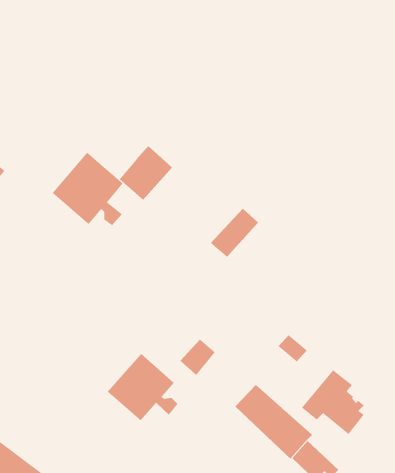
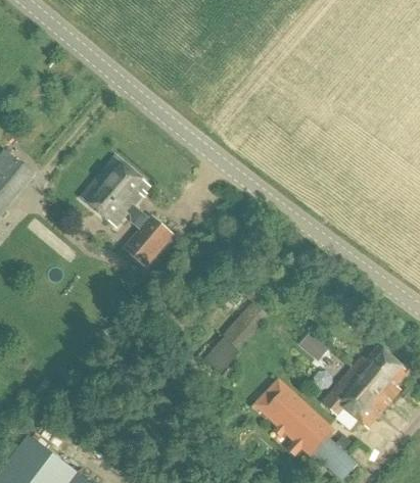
building: [119,145,173,200] -> [122,214,174,268]
building: [210,208,259,258] -> [221,301,268,349]
building: none -> [352,347,407,410]
building: [107,353,178,421] -> none

